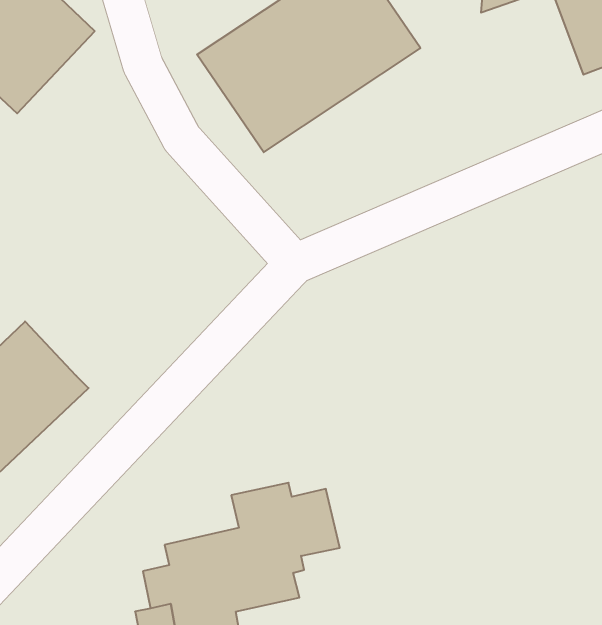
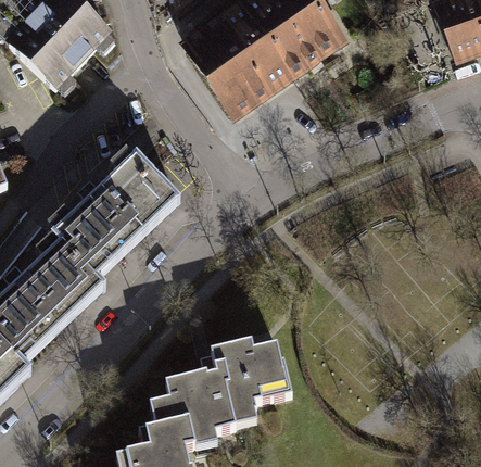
building: none -> [51,144,183,272]

